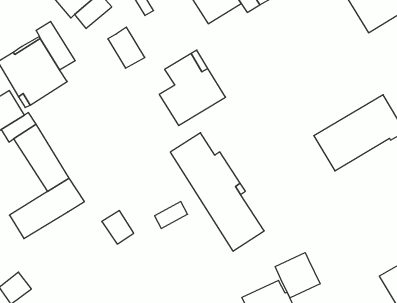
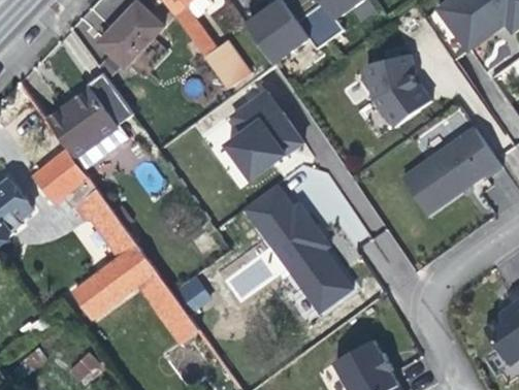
building: none -> [364,54,430,127]
building: [108,27,145,68] -> [205,43,248,89]
building: none -> [135,267,196,338]
building: [275,253,320,298] -> none

